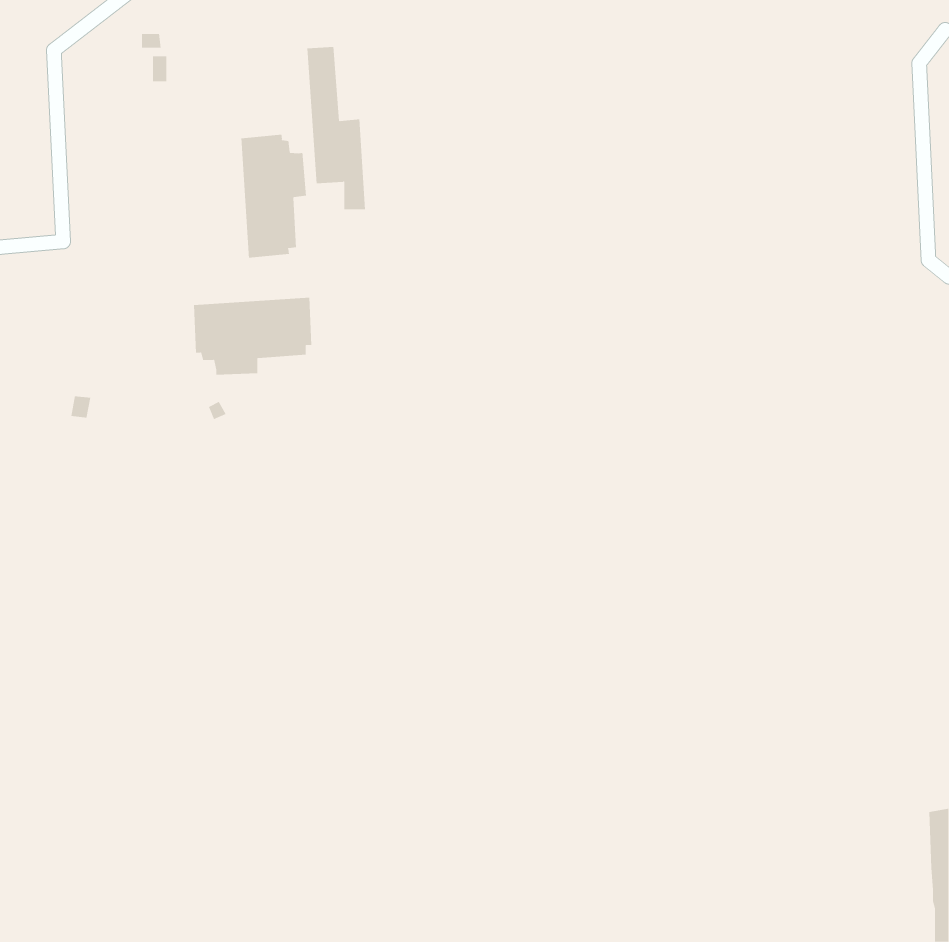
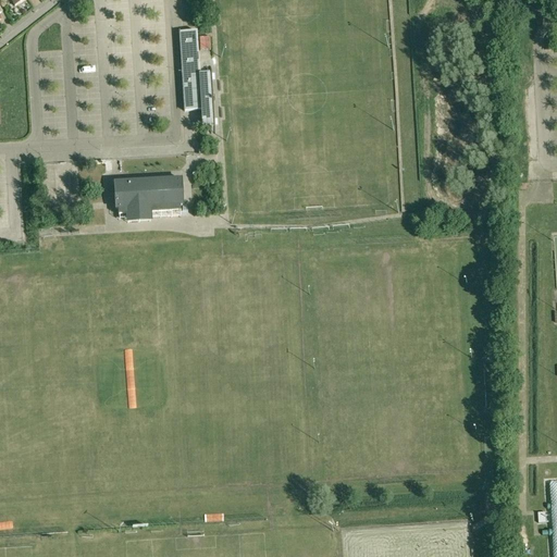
building: [241,134,306,258] -> none

